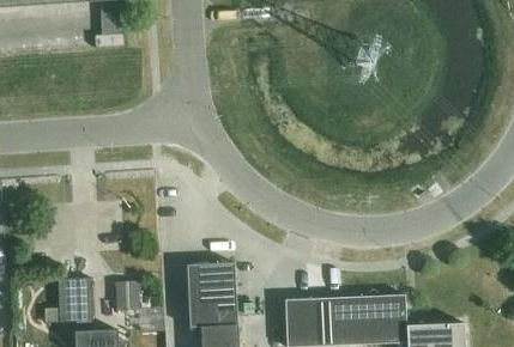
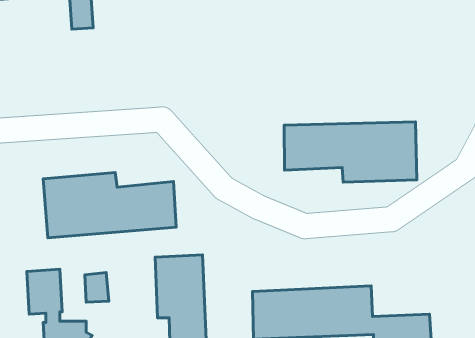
building: none -> [284,122,417,182]
building: none -> [43,172,176,238]

